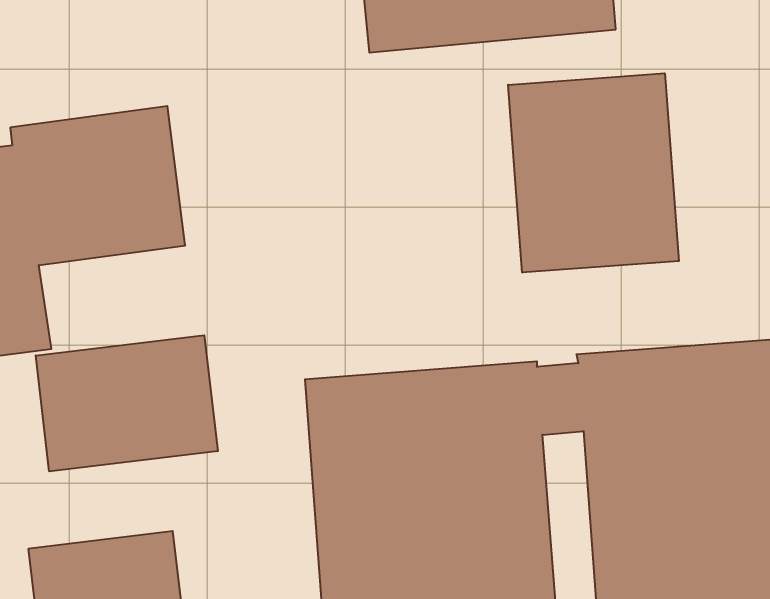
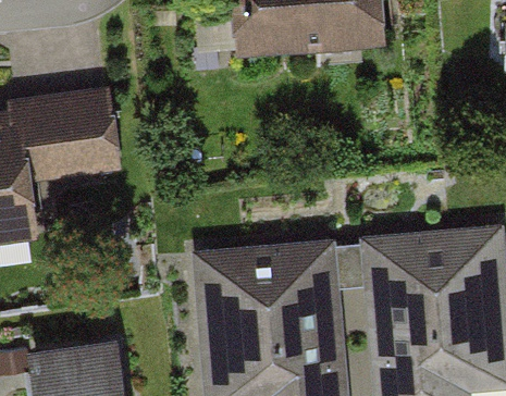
building: [508,73,679,273] -> none
building: [36,335,218,471] -> none

